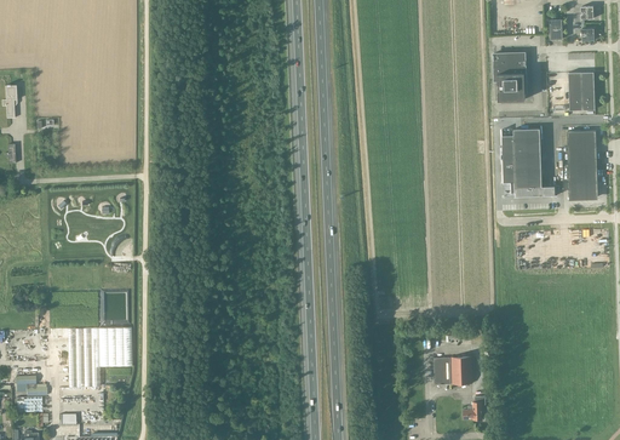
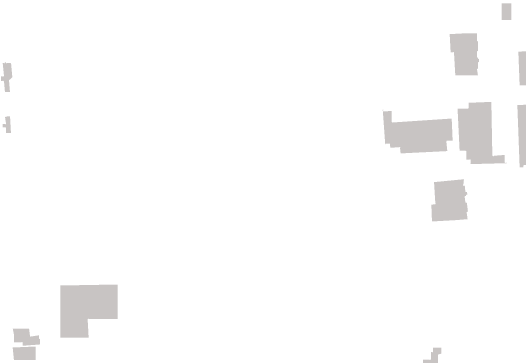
building: none -> [382,109,453,154]
building: none -> [431,179,469,222]
building: [432,356,472,384] -> none

